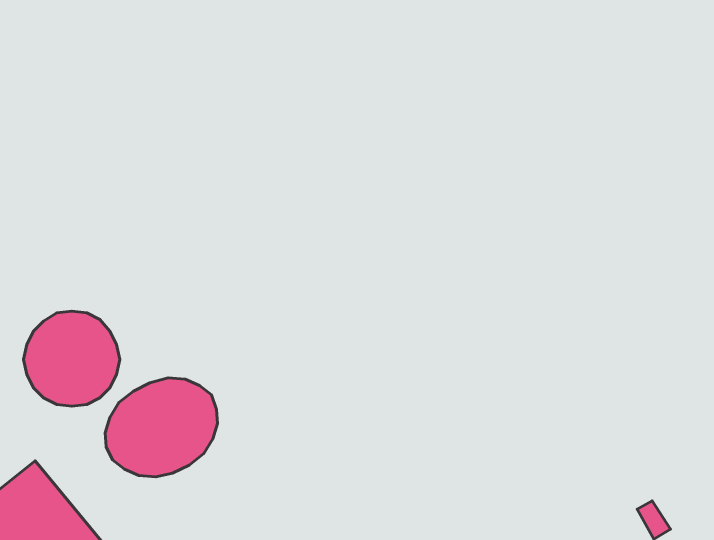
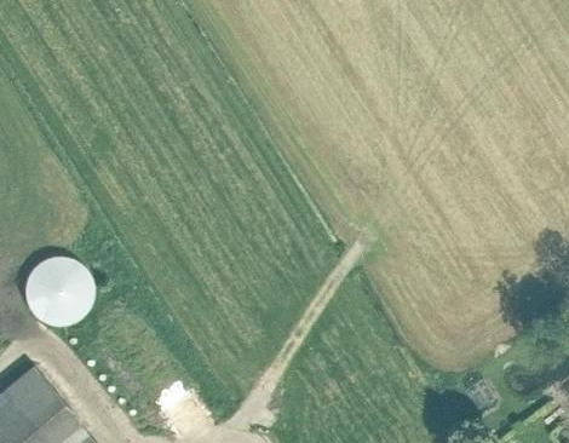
building: [105,378,217,477] -> none

